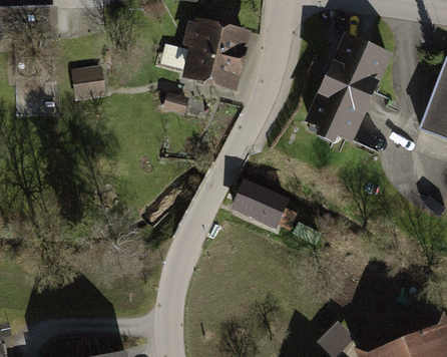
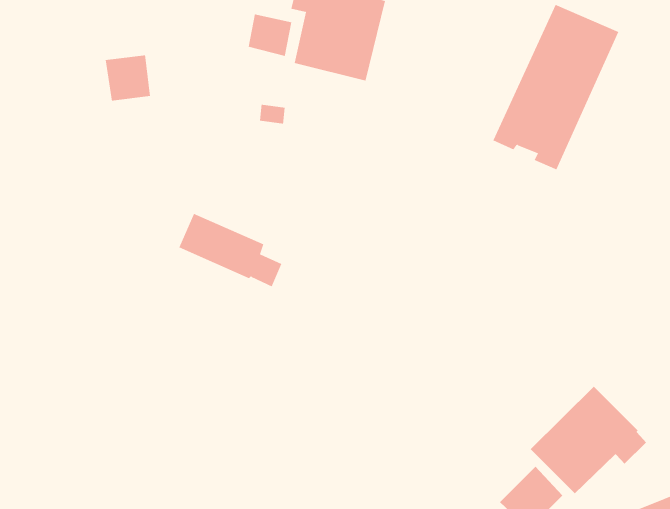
building: [234,183,297,228] -> [179,213,282,287]
building: none -> [530,386,647,494]

